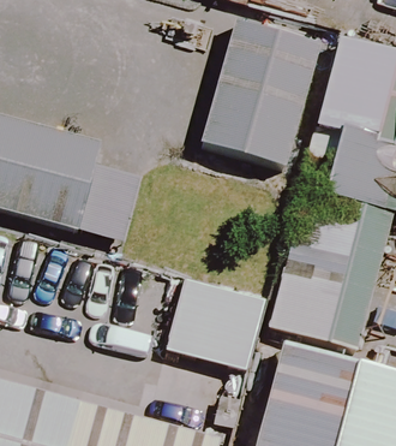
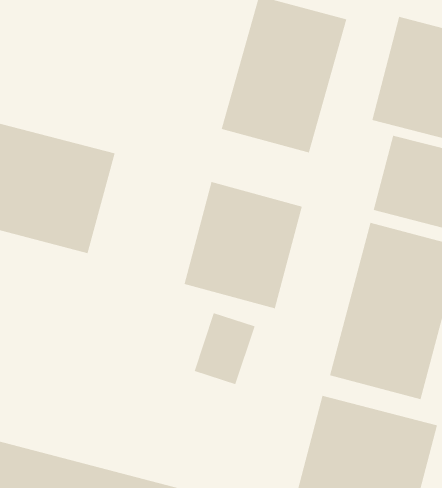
building: none -> [184,181,303,309]

